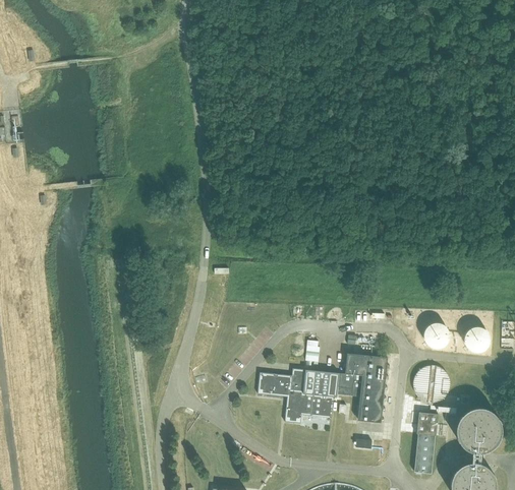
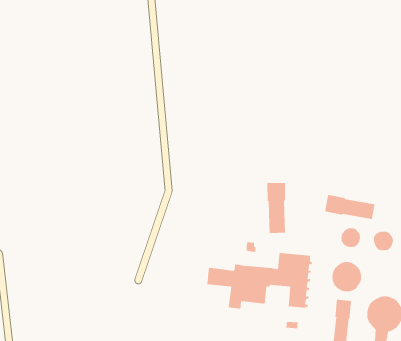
building: none -> [267,182,286,234]
building: none -> [325,194,375,220]

